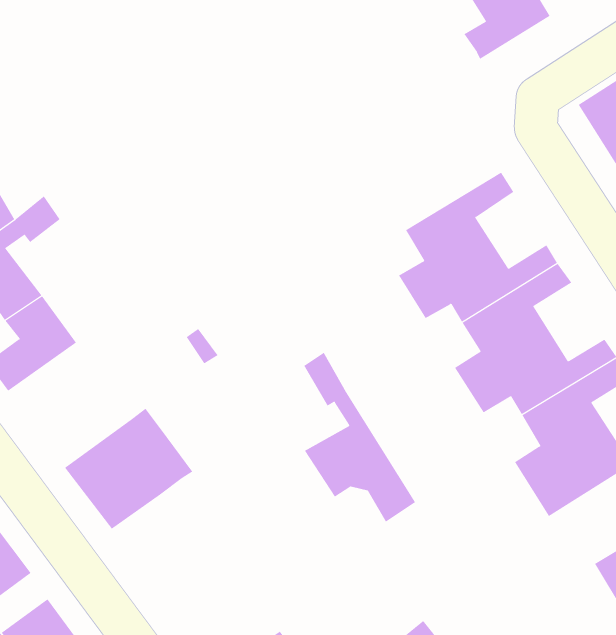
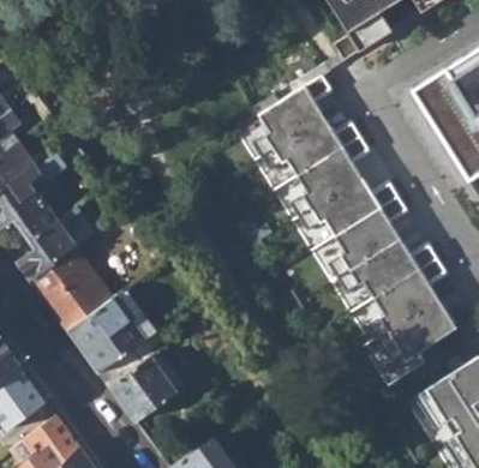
building: none -> [251,64,358,174]
building: none -> [31,248,113,331]
building: [303,352,416,523] -> none
building: none -> [100,334,176,421]

